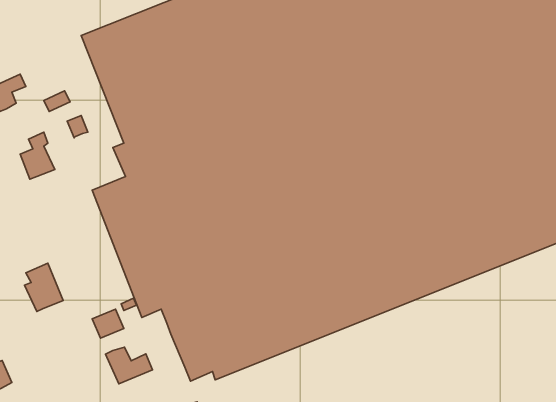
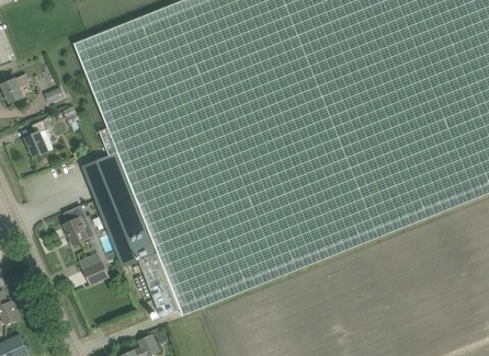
building: [24,263,63,311] -> [64,206,94,244]
building: [105,347,152,384] -> none

